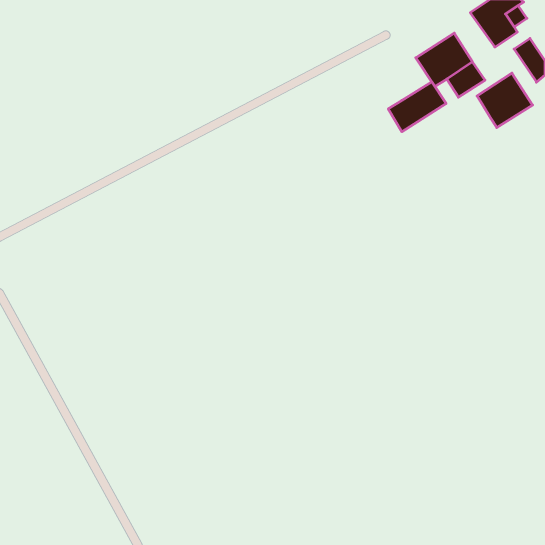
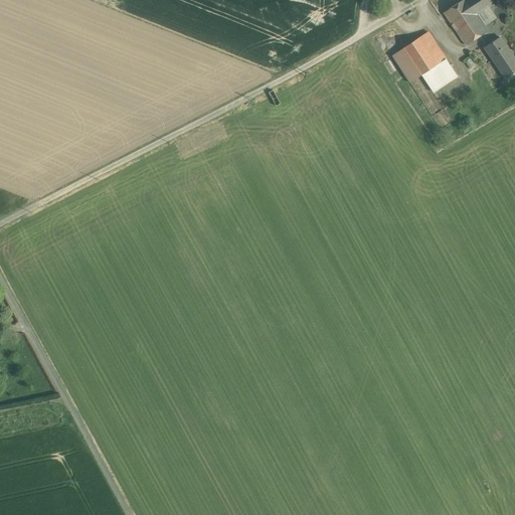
building: [477,73,533,128] -> none
building: [388,82,446,132] -> none

